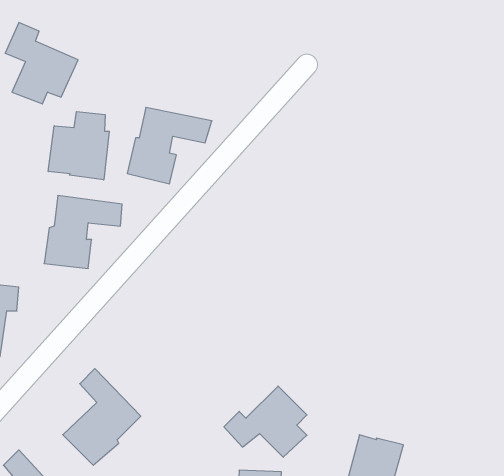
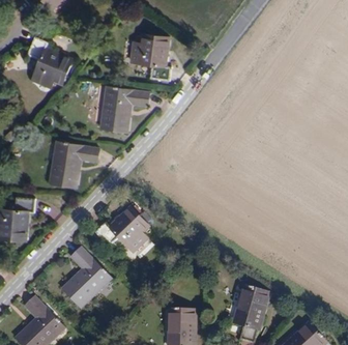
building: none -> [137,35,177,83]
building: [48,112,109,180] -> none
building: [224,386,307,457] -> [96,211,147,255]

